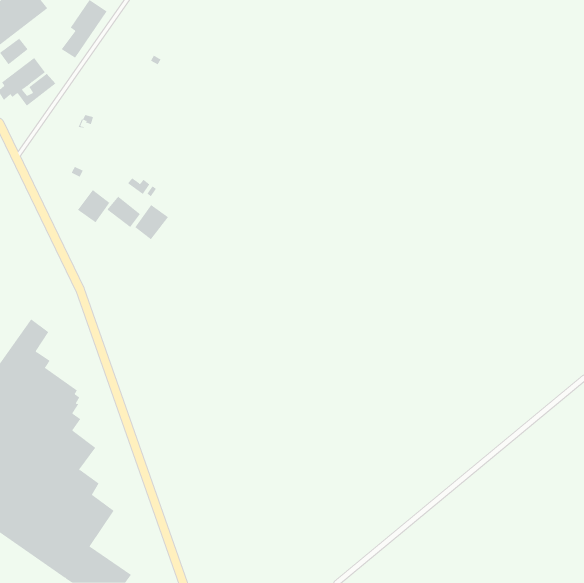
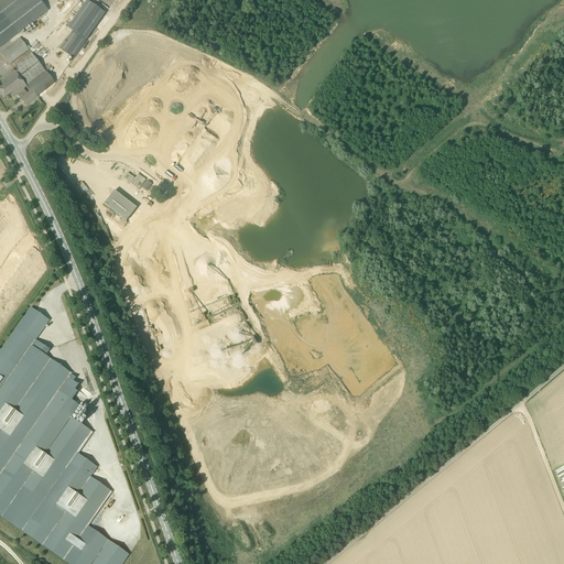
building: [77,189,110,223] -> none
building: [134,204,169,240] -> none

